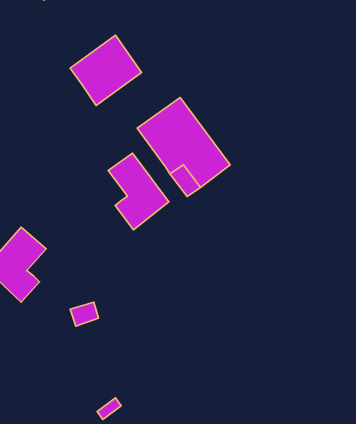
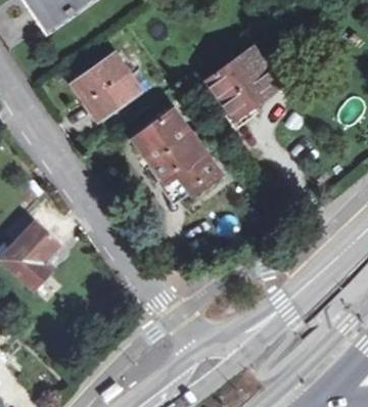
building: none -> [209,47,280,129]
building: [108,153,169,230] -> none

